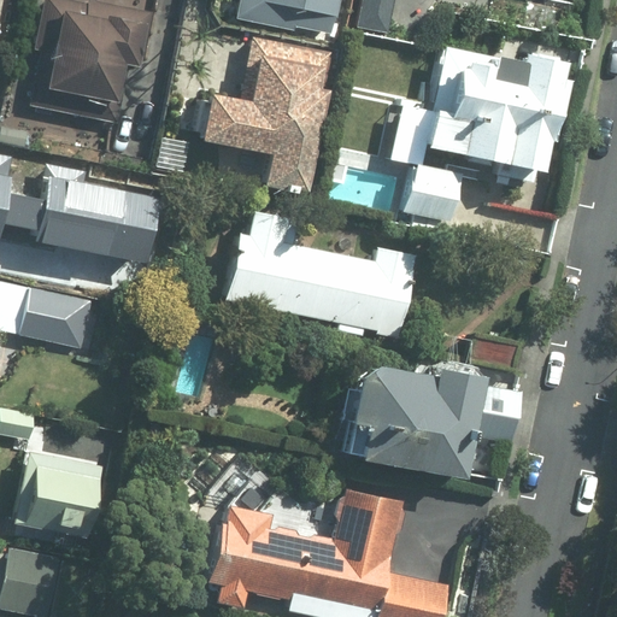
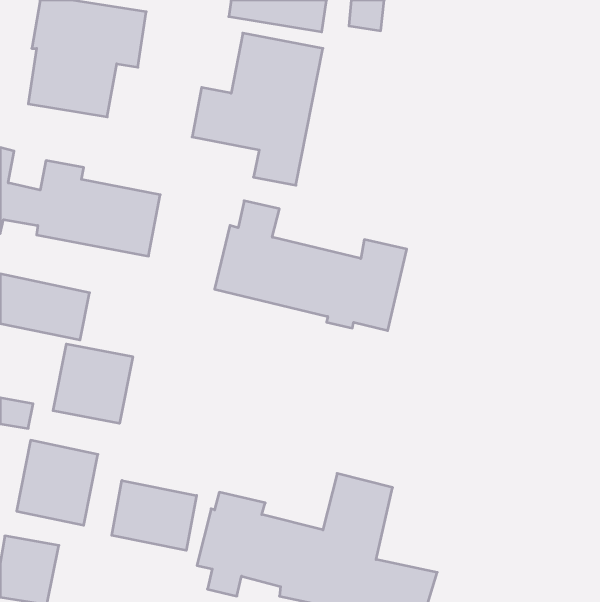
building: [399,45,566,221] -> none
building: none -> [53,344,133,423]
building: [341,359,521,477] -> none
building: none -> [112,480,197,550]

